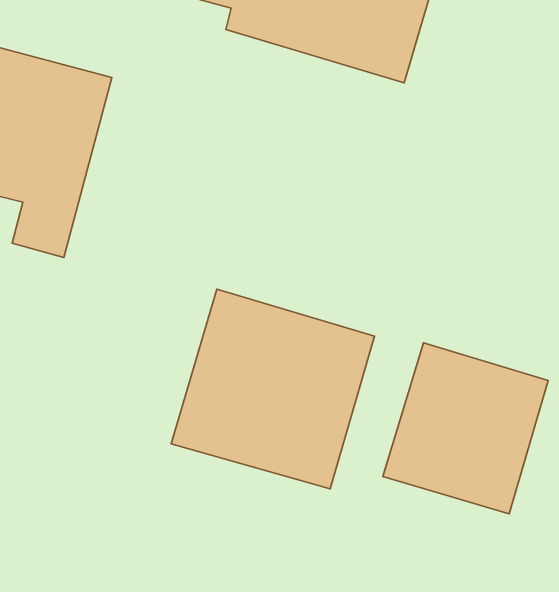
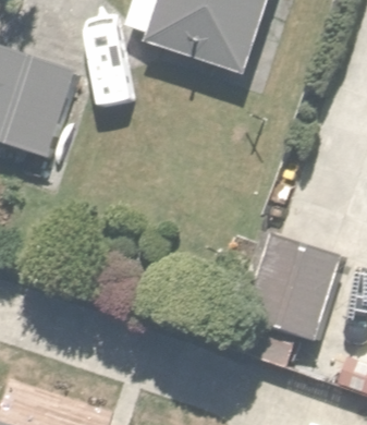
building: [171,289,375,489] -> none

